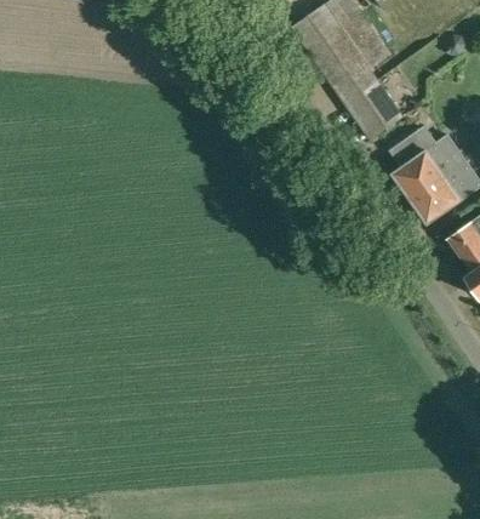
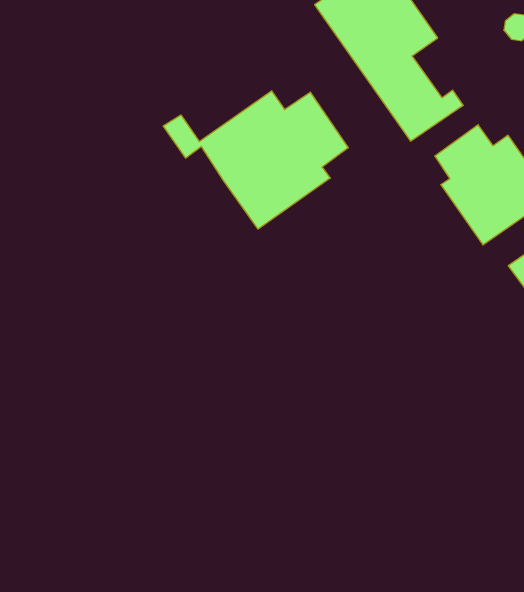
building: none -> [163,91,348,229]

